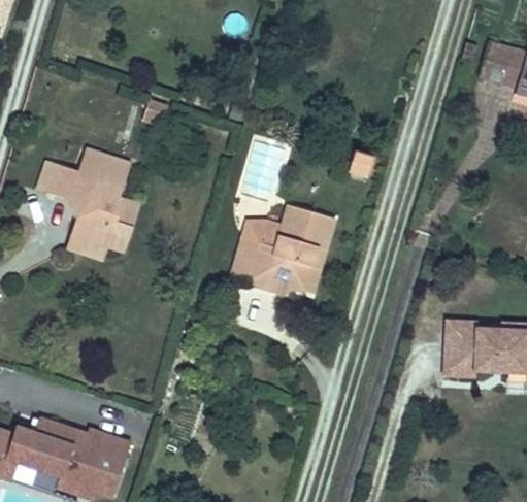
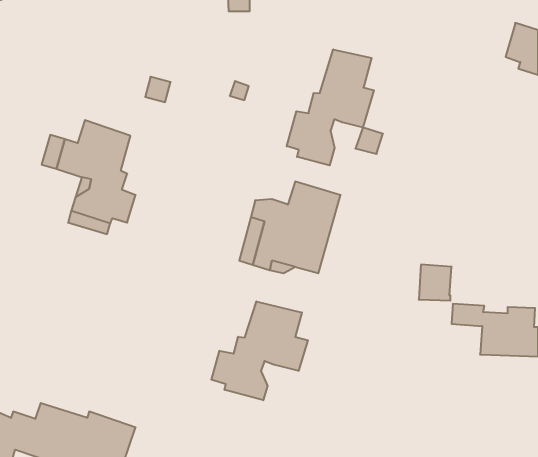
building: none -> [287,49,374,165]
building: none -> [211,301,308,400]
building: [439,342,471,377] -> [419,265,452,301]

